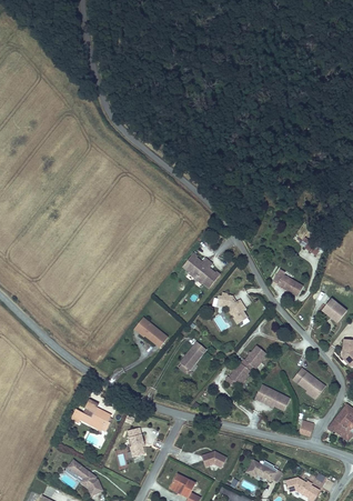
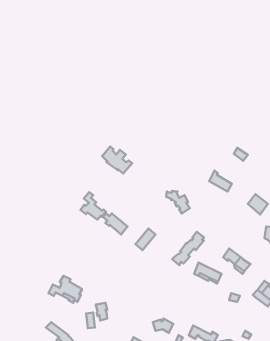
building: [182,251,220,285] -> [102,146,132,174]
building: none -> [81,192,106,220]

